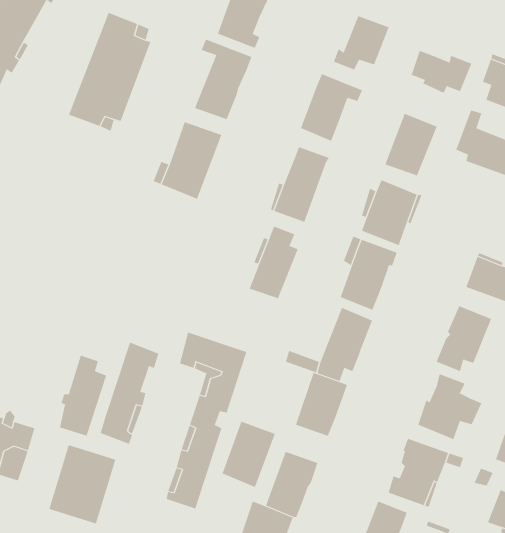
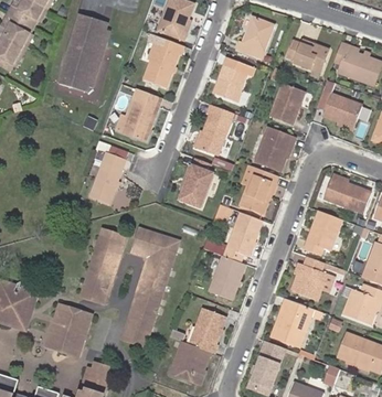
building: none -> [88,152,125,204]
building: [60,355,107,437] -> none
building: [222,421,276,488] -> none

